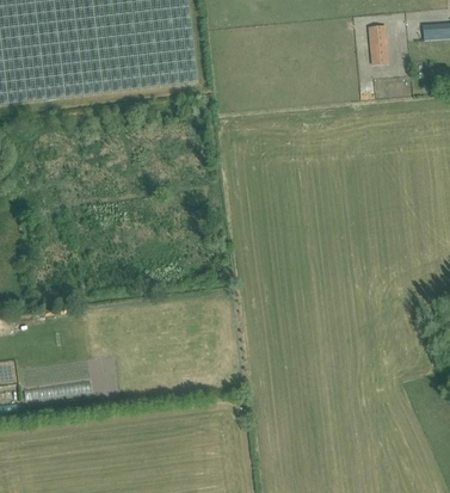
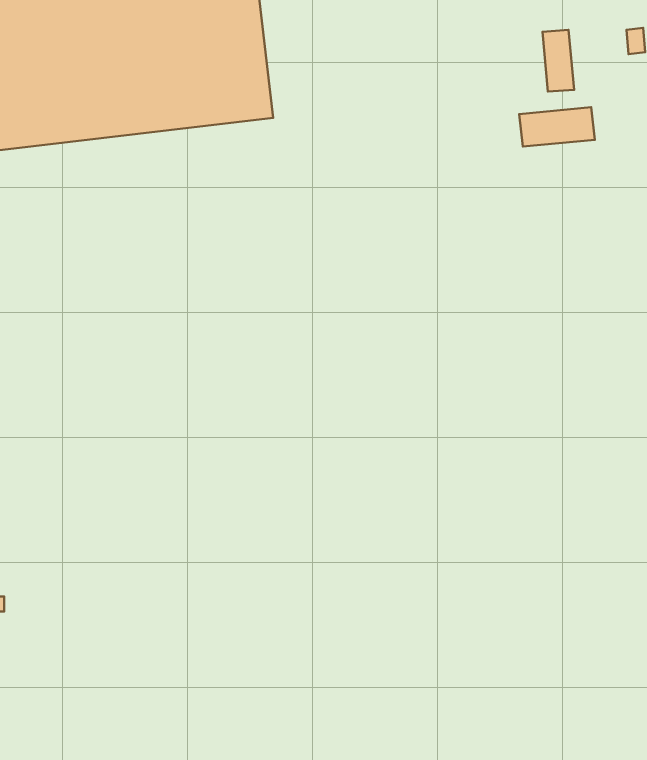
building: none -> [519,107,595,146]

